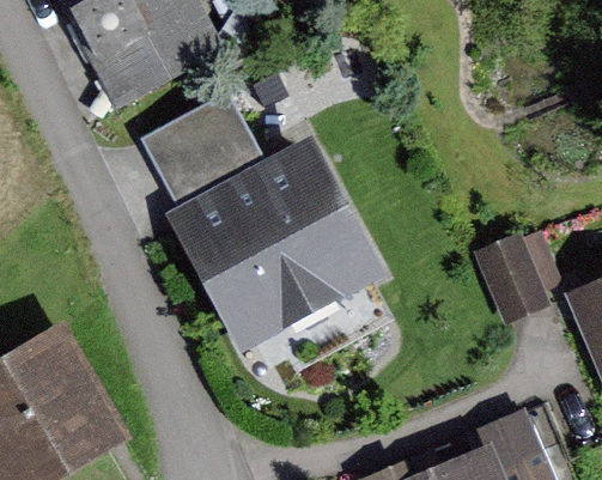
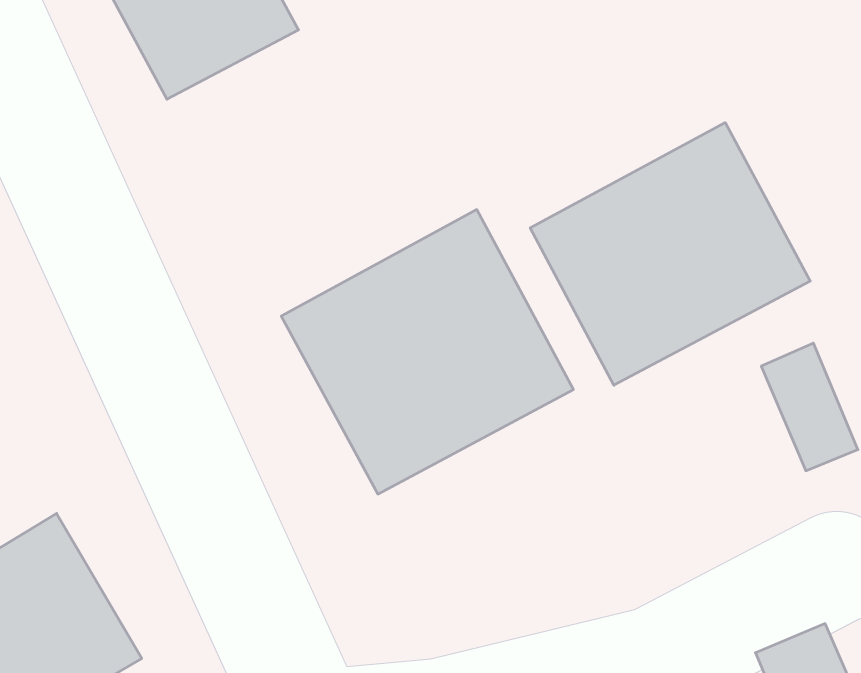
building: [168,97,261,192] -> none
building: none -> [530,123,810,385]

